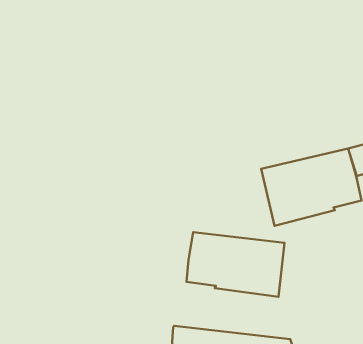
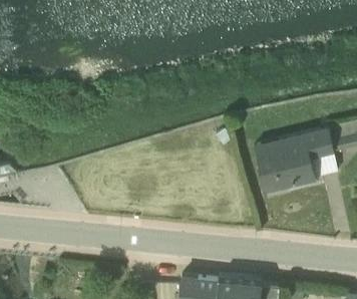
building: [186,232,285,297] -> none

